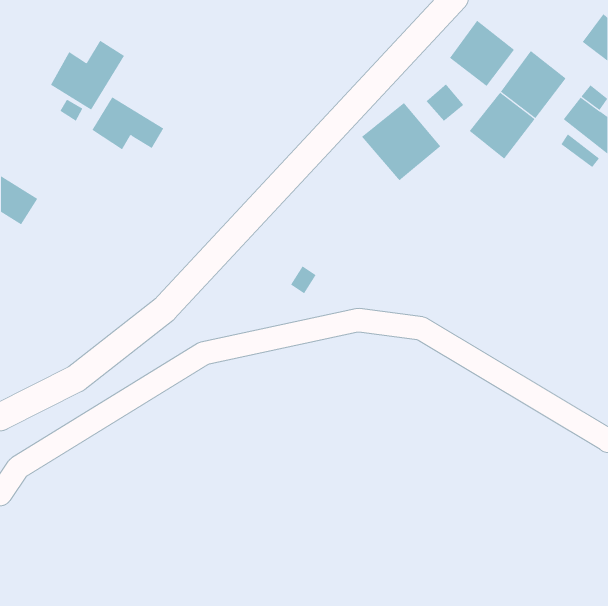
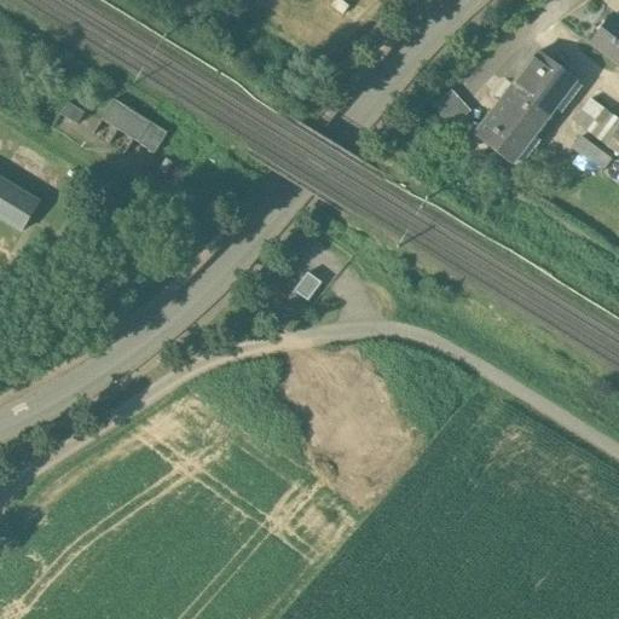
building: [449,20,515,87] -> none
building: [50,40,125,111] -> none
building: [361,102,441,181] -> none

